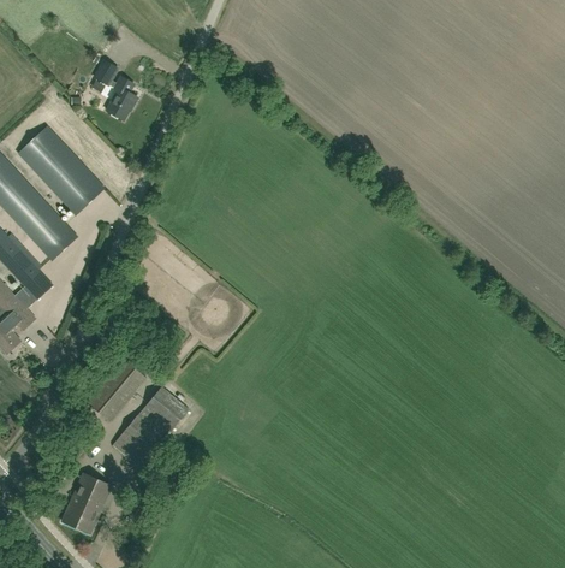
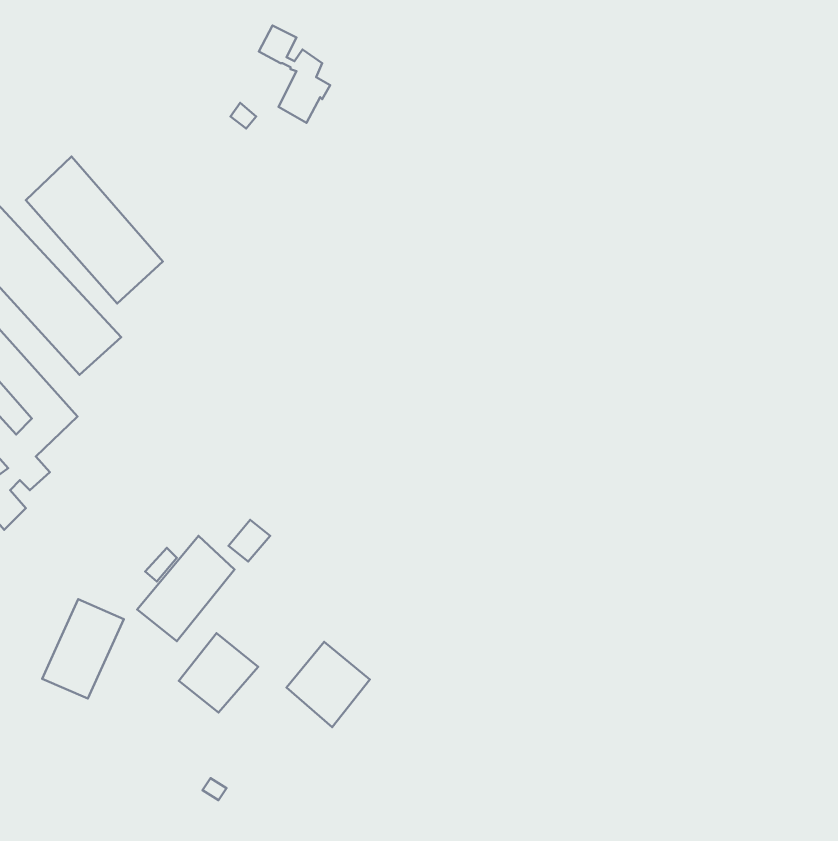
building: [94,61,137,120] -> [259,26,330,123]
building: [143,379,194,431] -> [287,642,370,727]
building: [61,472,111,532] -> [42,599,124,699]

